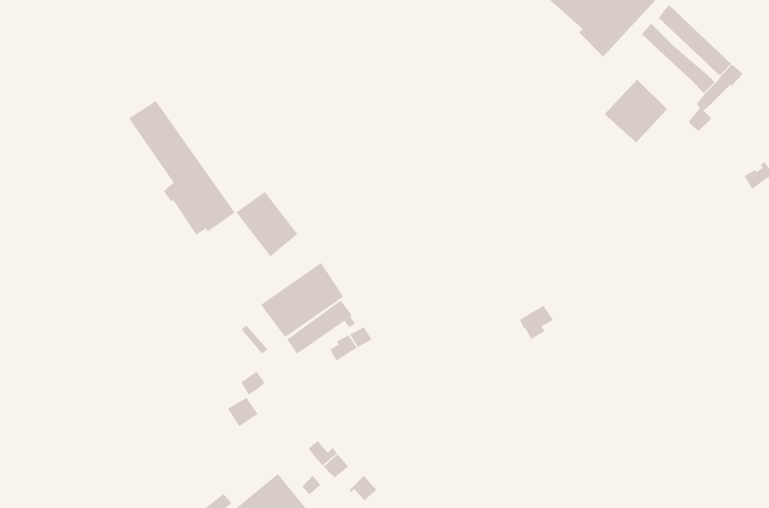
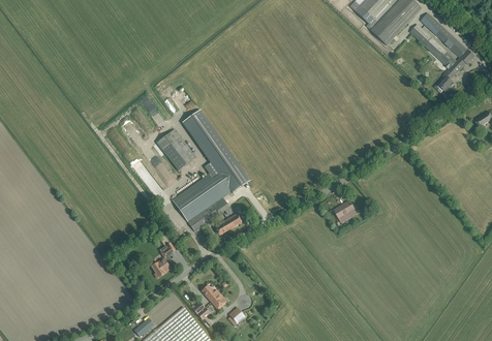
building: [604,79,668,143] -> none
building: [128,100,235,236] -> [182,110,249,194]

